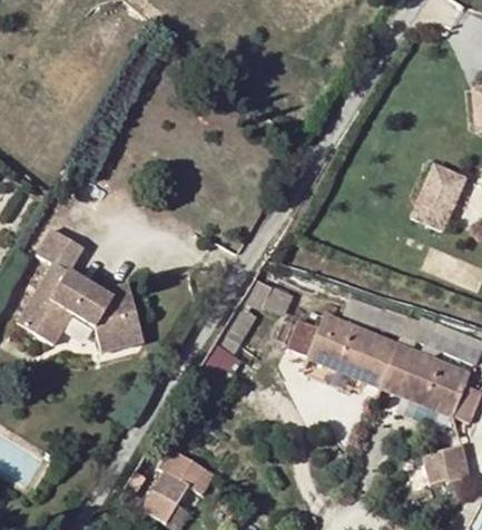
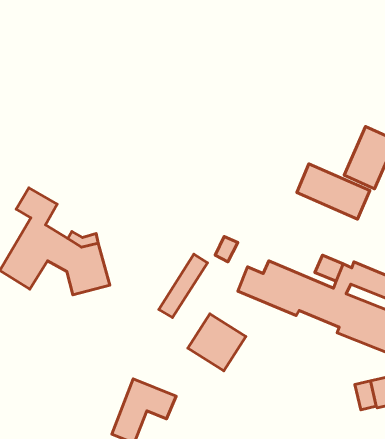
building: none -> [297,164,370,219]
building: none -> [188,314,246,371]

